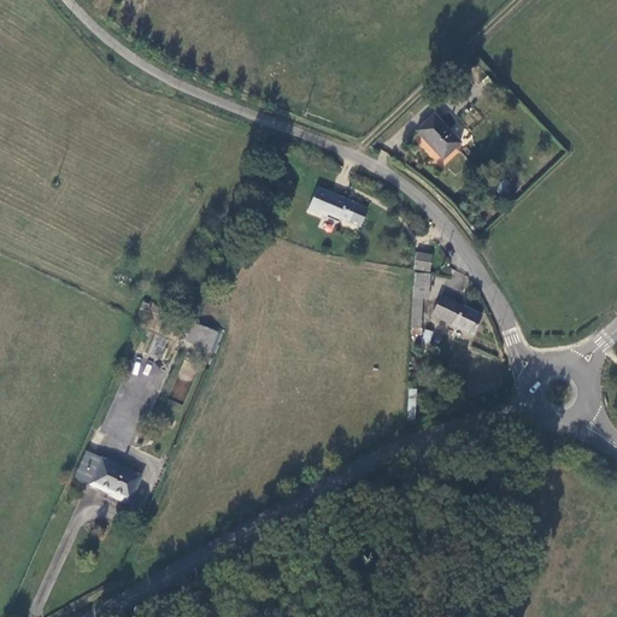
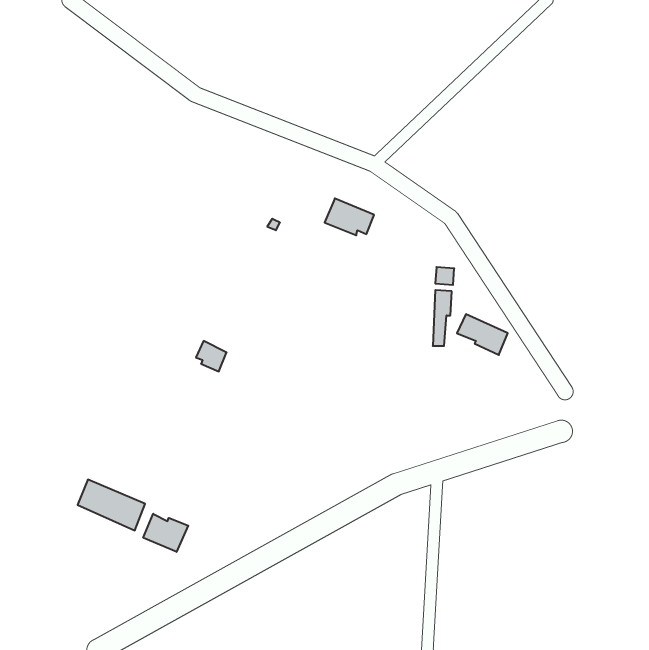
building: [416,116,459,160] -> none
building: none -> [143,514,188,552]

